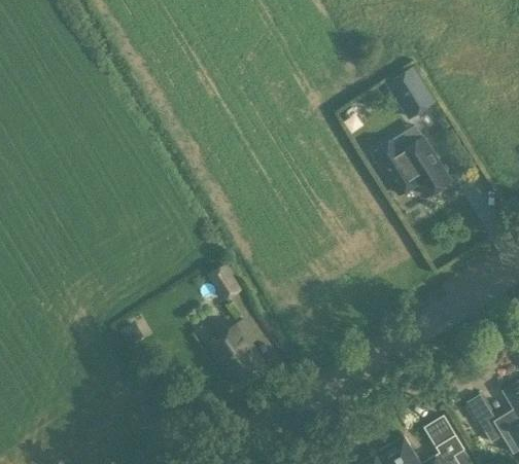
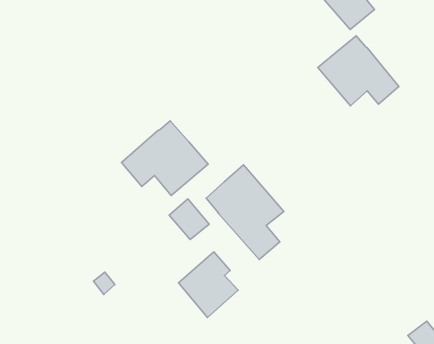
building: none -> [122,121,208,196]
building: none -> [206,165,284,259]

